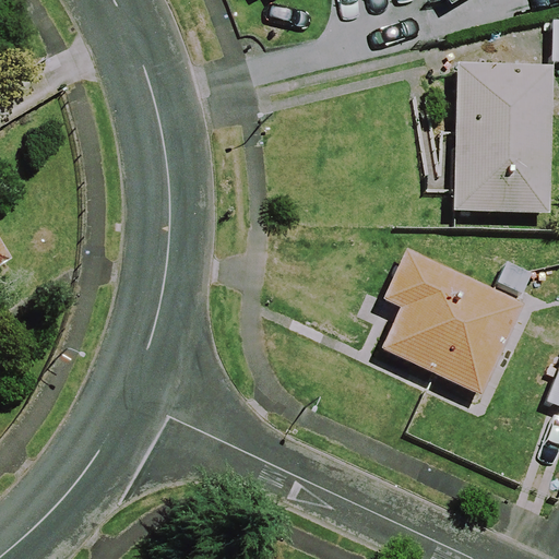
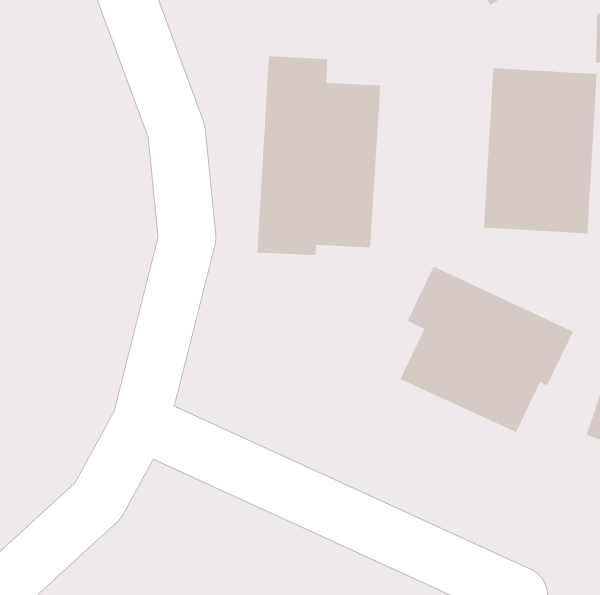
building: none -> [257,56,381,256]

